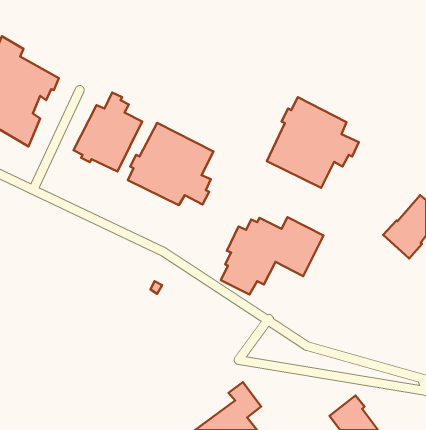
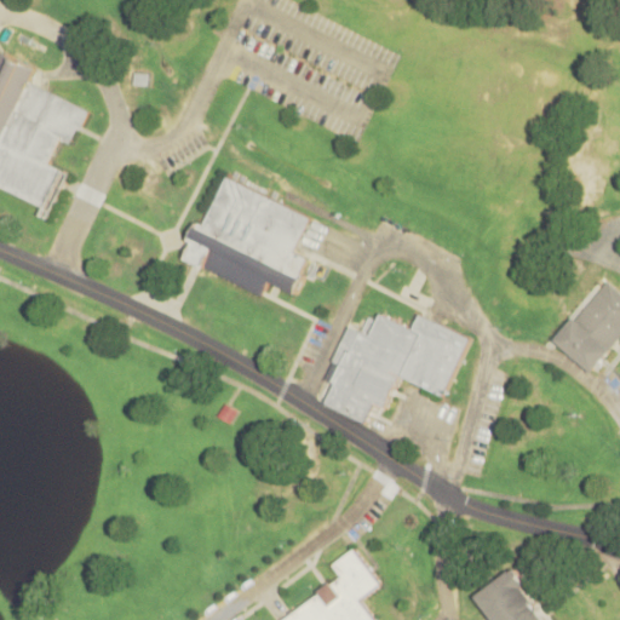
building: [74,93,142,172] -> none
building: [267,97,359,188] -> none

